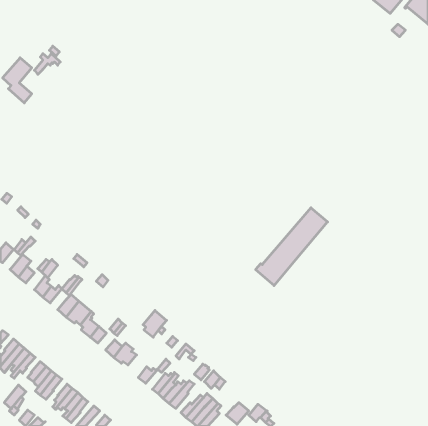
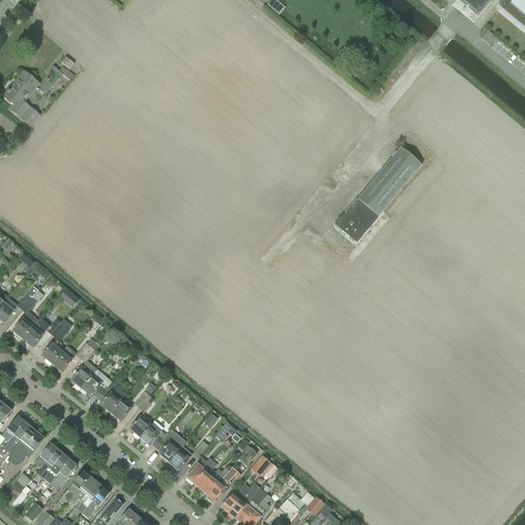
building: [256,208,328,286] -> [332,148,420,243]
building: [143,310,167,337] -> [157,430,186,462]

